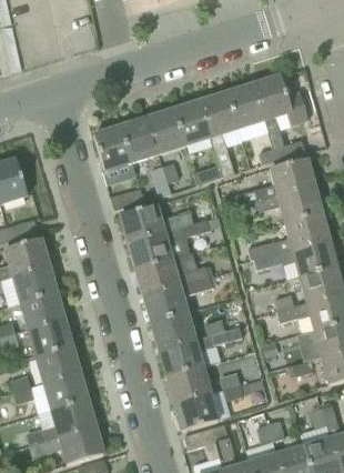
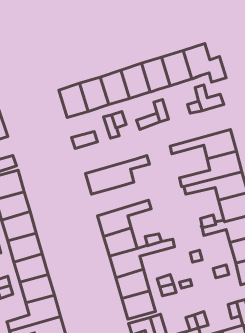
building: [225,158,314,208] -> none
building: [120,204,193,242] -> none
building: [135,259,209,296] -> none

